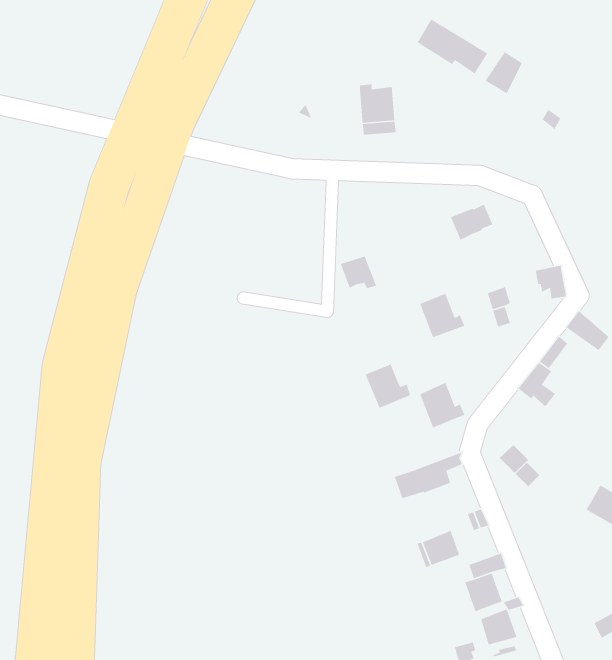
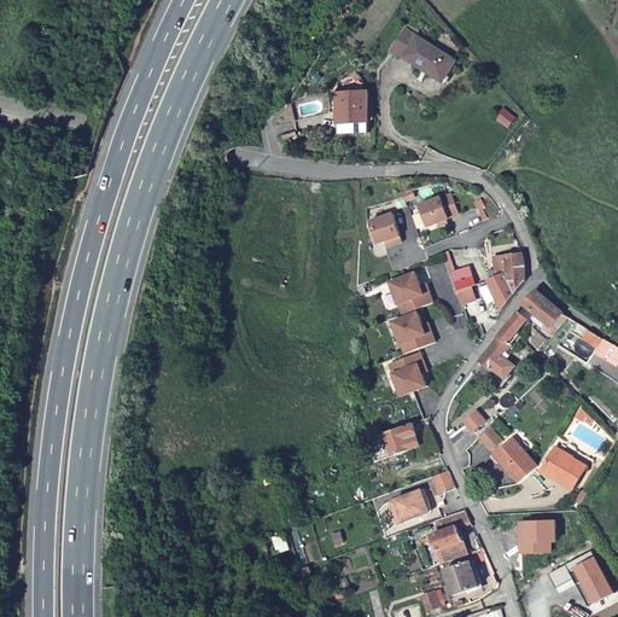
building: [485,51,523,95] -> none
building: [340,256,377,289] -> [367,215,401,245]
building: none -> [486,270,523,304]
building: [365,363,411,409] -> [391,314,433,355]
building: none -> [494,438,535,485]
building: none -> [518,520,554,553]

